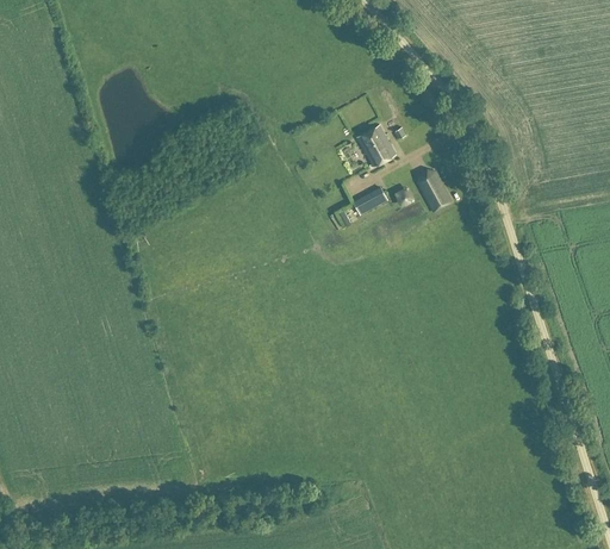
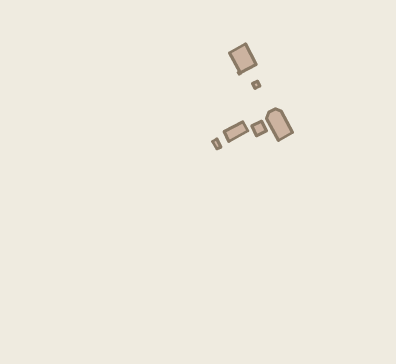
building: [356,123,396,167] -> [229,44,256,74]

